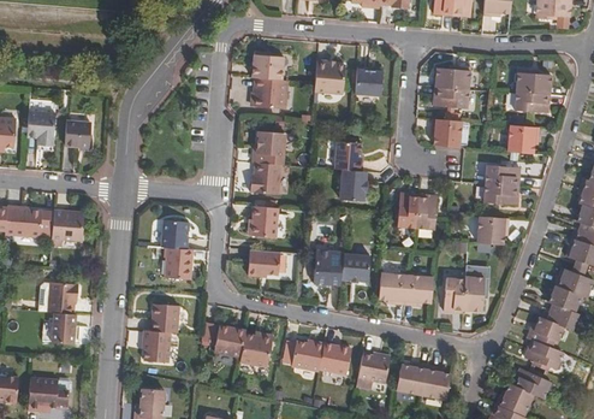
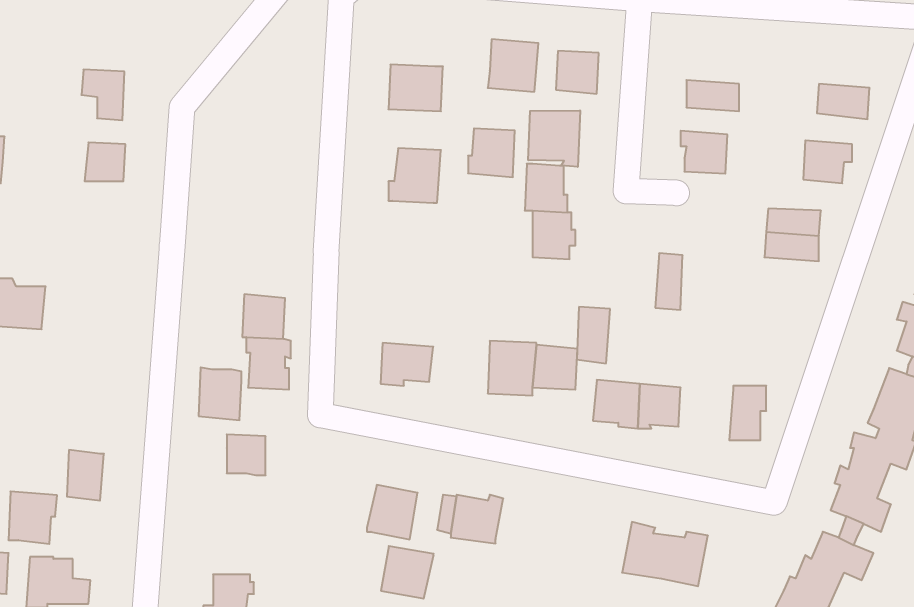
building: [251,51,283,78] -> none
building: [436,64,473,89] -> none
building: [518,66,552,92] -> none
building: none -> [528,110,580,167]
building: [28,116,54,147] -> [81,70,124,120]
building: [251,161,280,191] -> [468,128,515,177]
building: [399,193,420,228] -> [577,307,610,363]
building: [251,205,277,236] -> none
building: [52,213,82,249] -> none
building: [479,213,509,243] -> none
building: [444,277,465,311] -> none
building: [49,285,79,318] -> [8,491,57,544]
building: [144,329,171,361] -> [199,367,241,420]
building: [213,331,245,364] -> [381,546,434,599]
building: [319,346,351,376] -> none
building: [358,356,388,390] -> none

